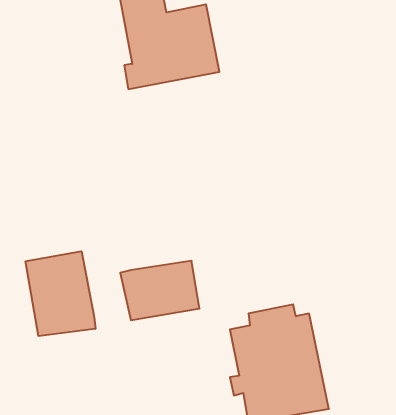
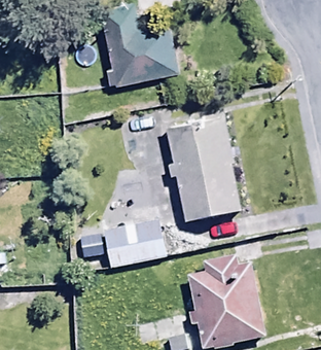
building: none -> [167,116,242,222]
building: [26,251,95,336] -> none

